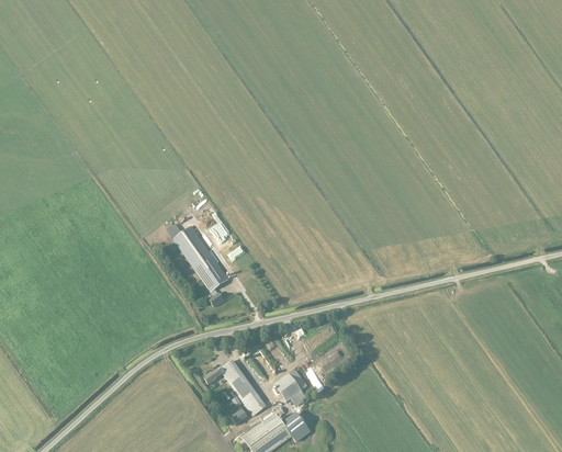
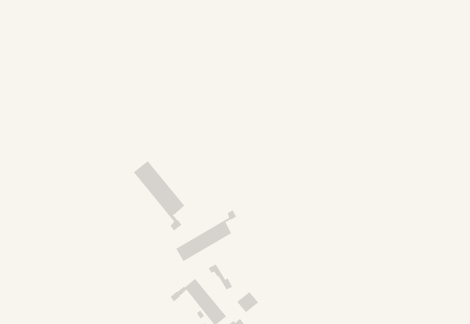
building: none -> [175,209,237,262]

